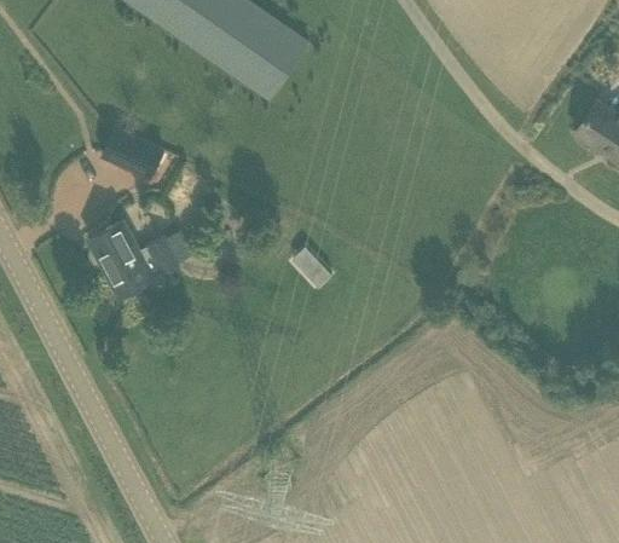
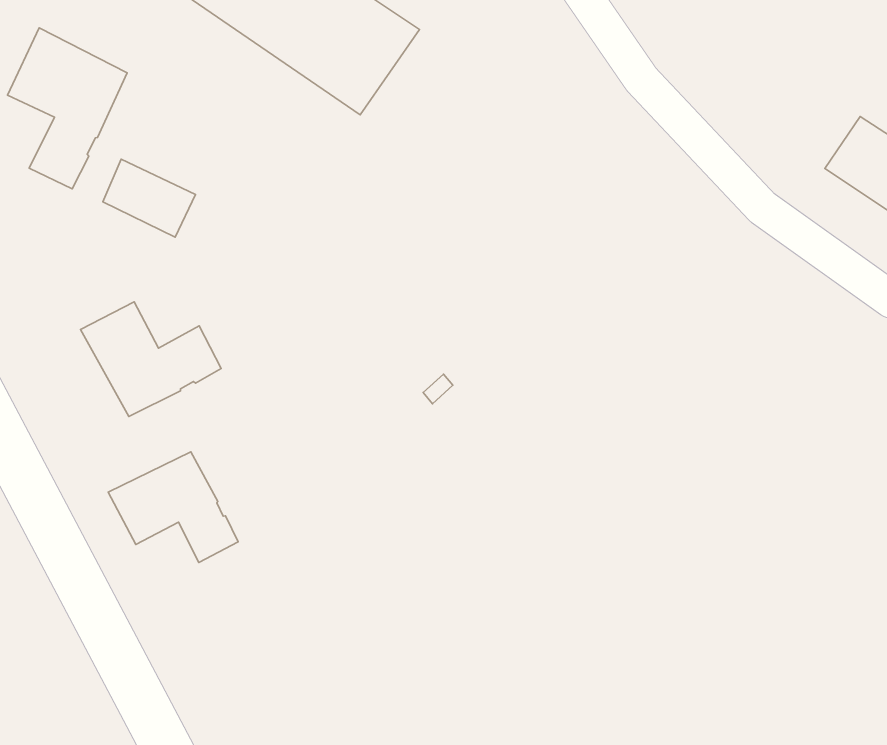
building: none -> [8,28,127,189]
building: none -> [108,452,238,563]

